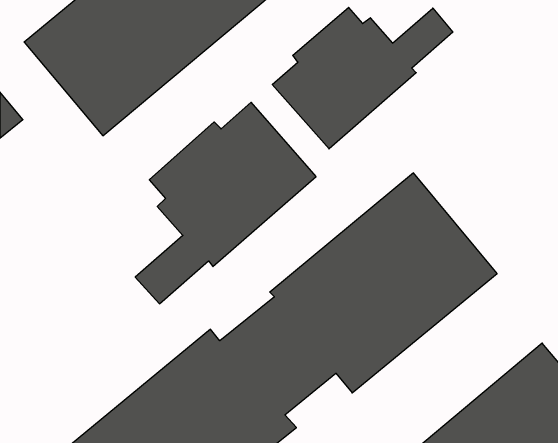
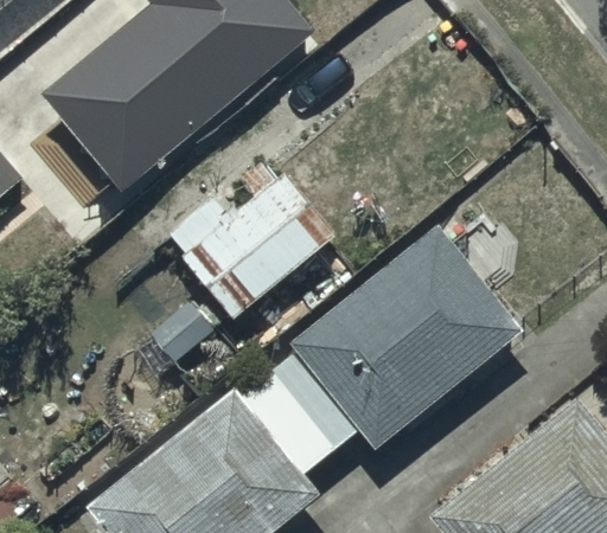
building: [272,7,453,149] -> none

